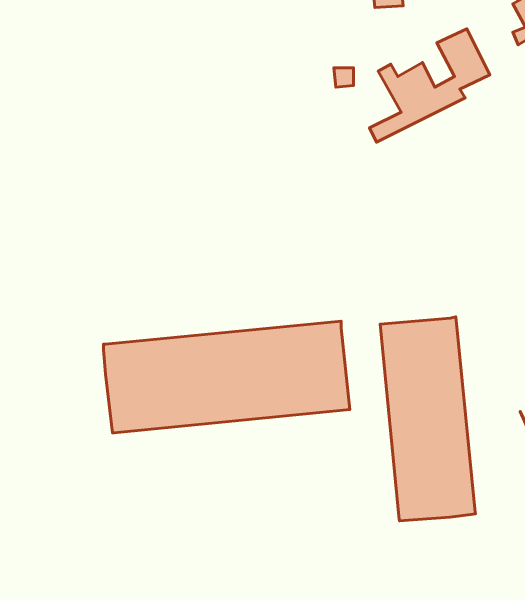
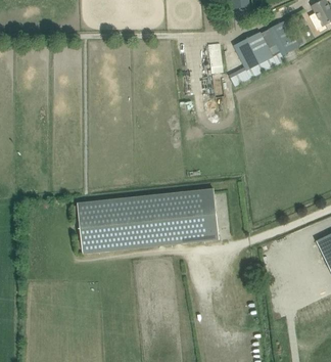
building: [380,317,475,521] -> none

